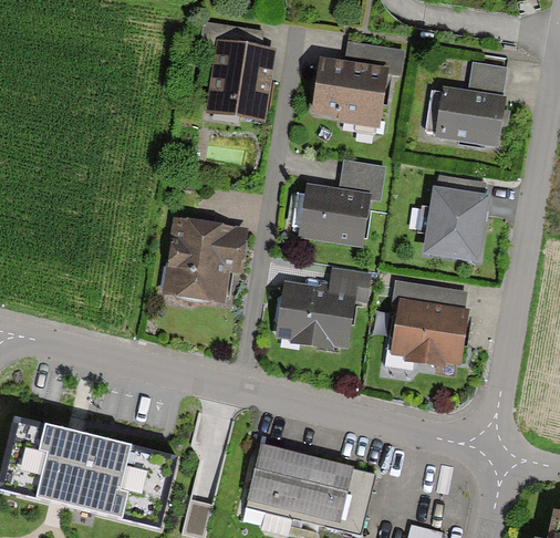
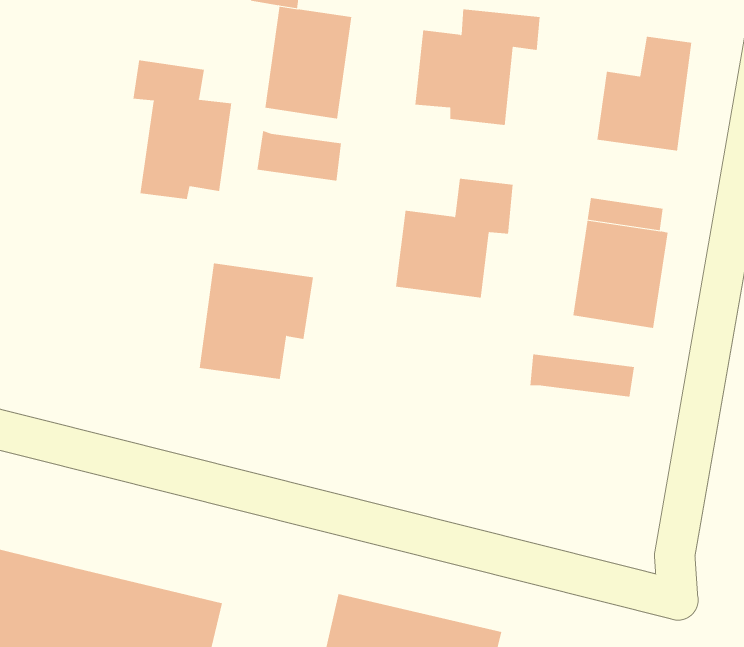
building: none -> [133,59,232,200]
building: none -> [257,130,342,181]
building: [278,268,370,345] -> none
building: [394,304,463,365] -> none

